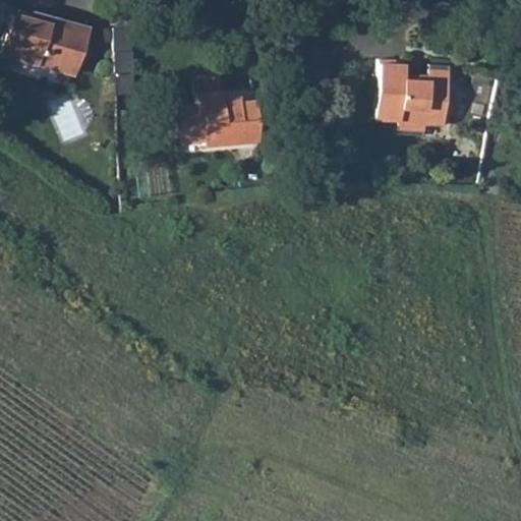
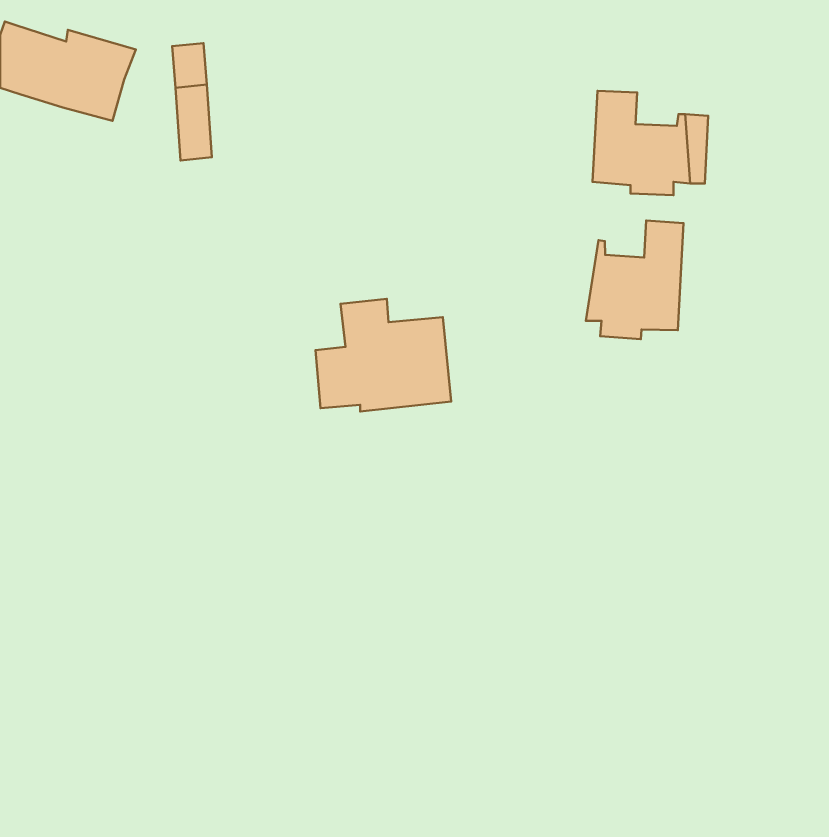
building: [180,78,264,148] -> [316,299,451,411]
building: none -> [586,221,684,339]

